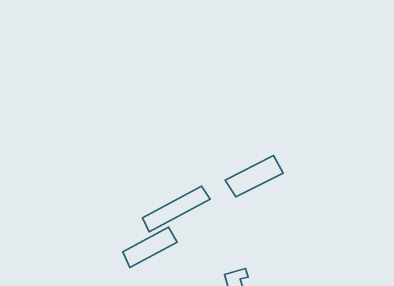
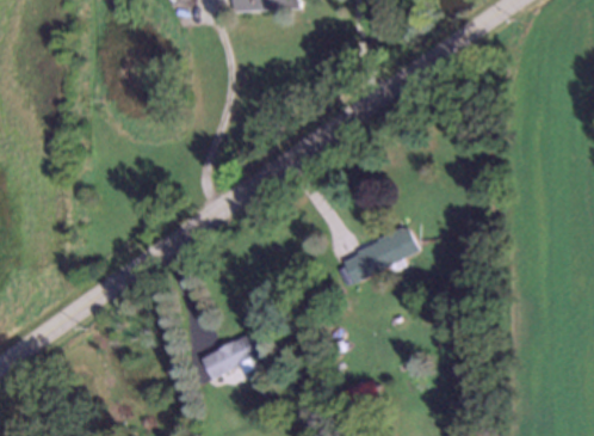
building: [143,186,210,232] -> none

